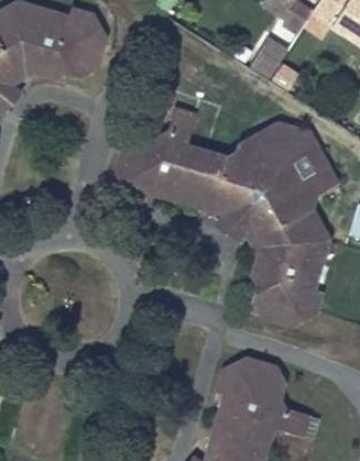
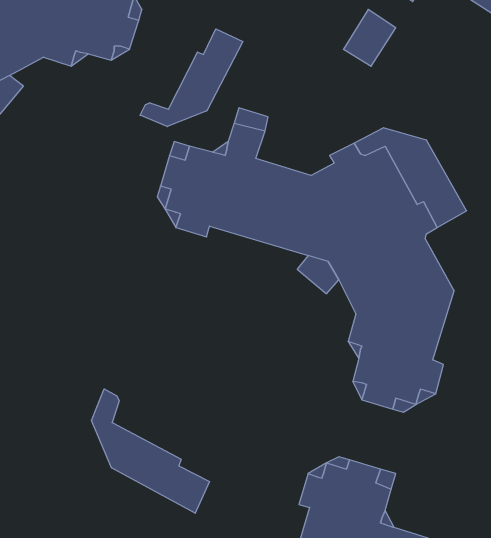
building: none -> [140,29,243,127]
building: none -> [92,389,209,513]

